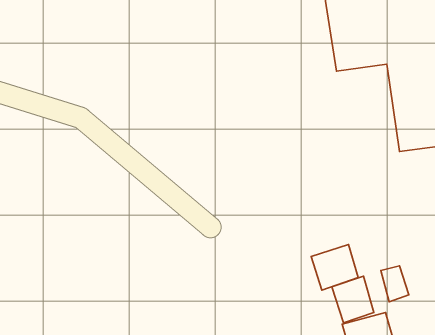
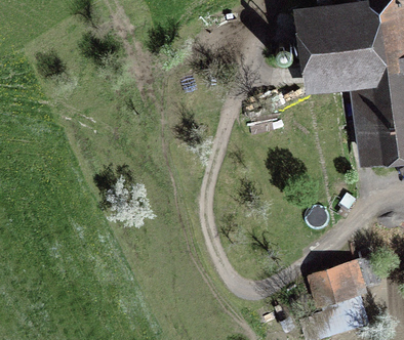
building: [311,245,358,290] -> none

